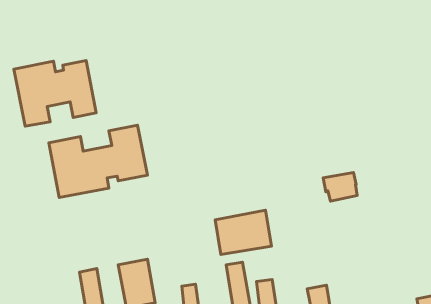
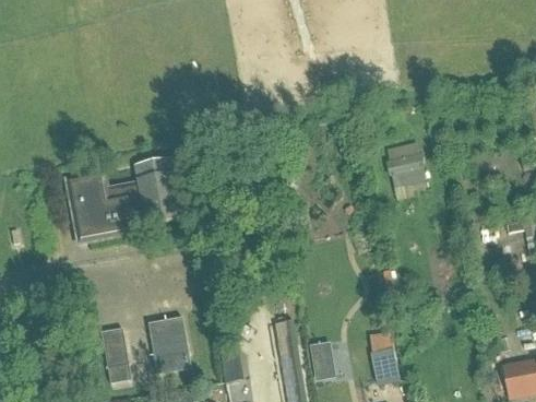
building: [14,60,96,126] -> none
building: [323,172,357,201] -> [384,153,425,187]
building: [215,210,272,254] -> none

